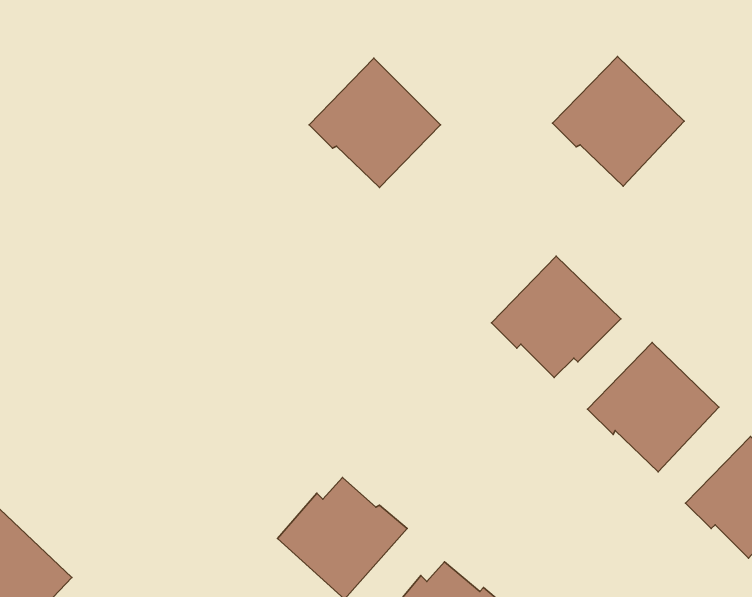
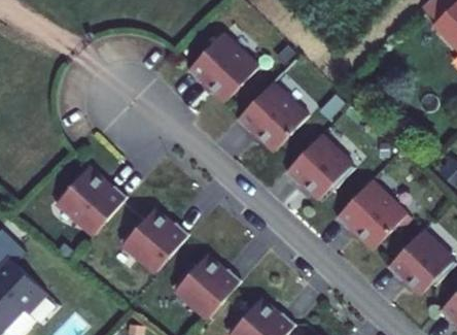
building: [553,57,684,186] -> [237,85,306,153]
building: none -> [56,168,125,235]
building: none -> [119,208,188,271]

